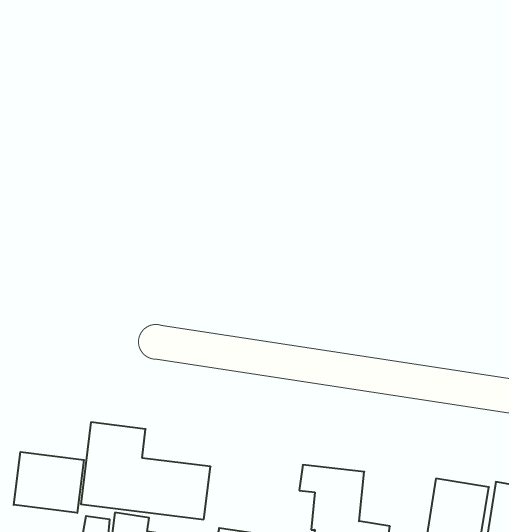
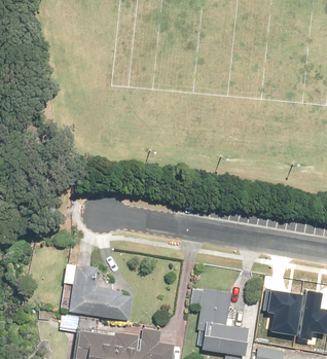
building: [14,452,84,513] -> none

